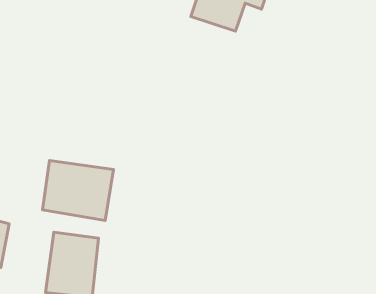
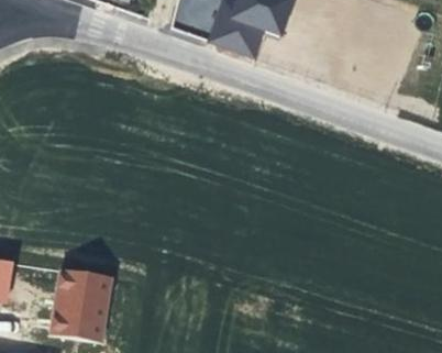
building: [43,161,114,221] -> none

